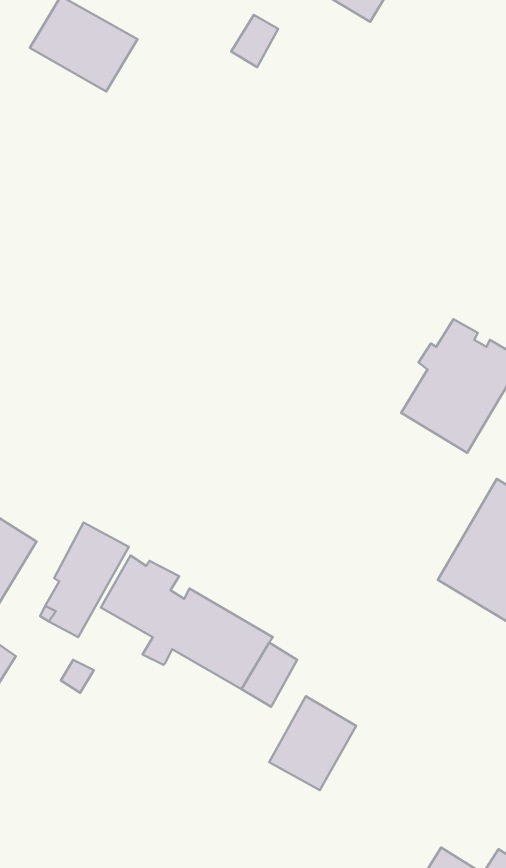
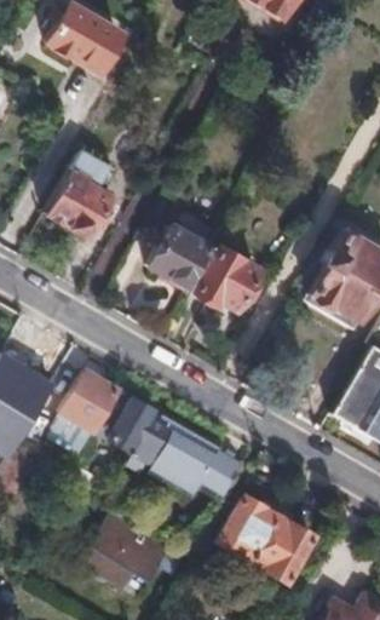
building: none -> [46,168,110,235]
building: none -> [149,224,211,286]
building: none -> [194,243,259,306]
building: none -> [76,507,171,591]
building: none -> [249,515,311,580]

